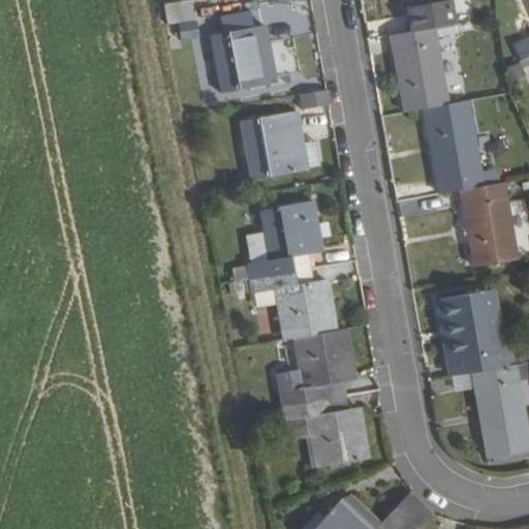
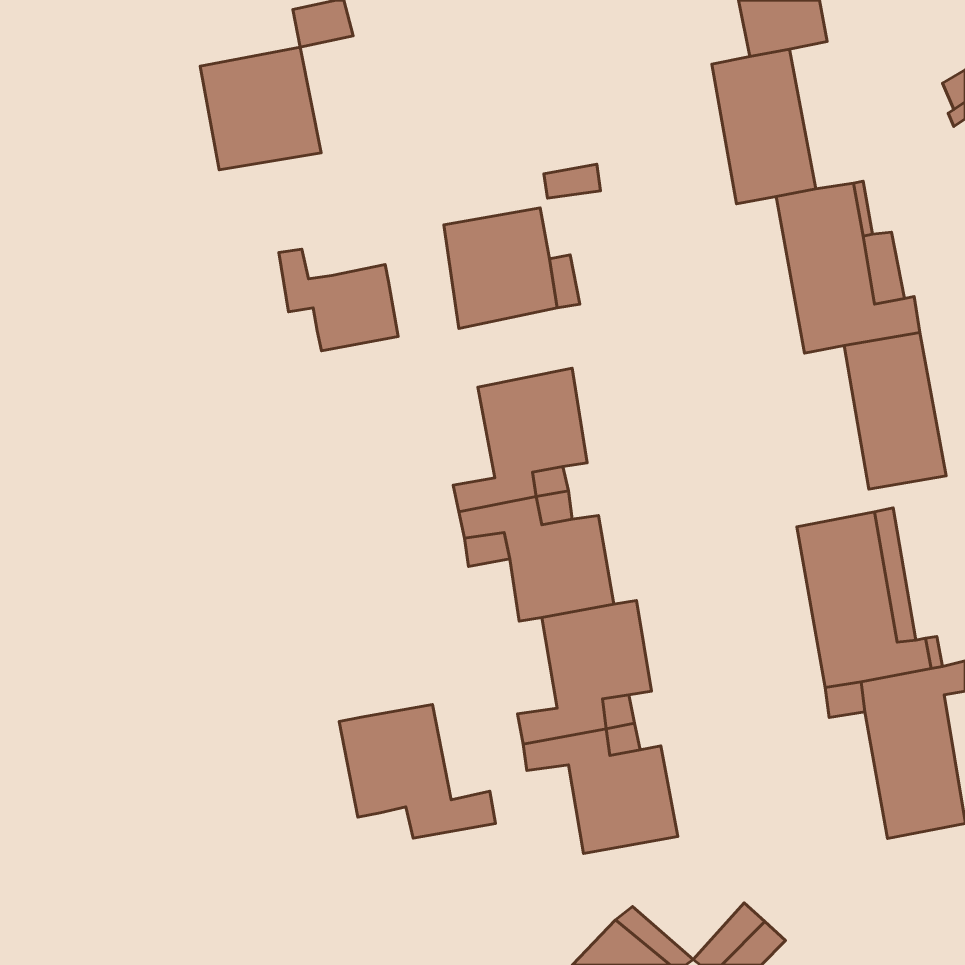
building: [211,27,277,94] -> [200,47,321,170]
building: none -> [279,249,398,351]
building: none -> [339,704,495,838]

